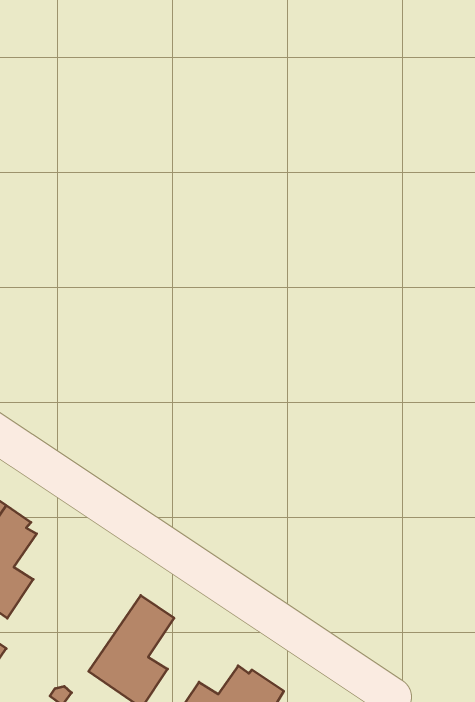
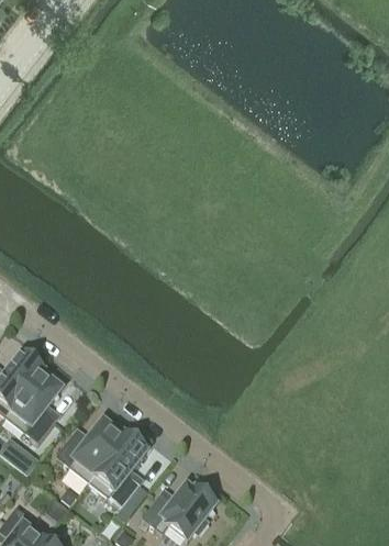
building: none -> [55,423,125,483]

